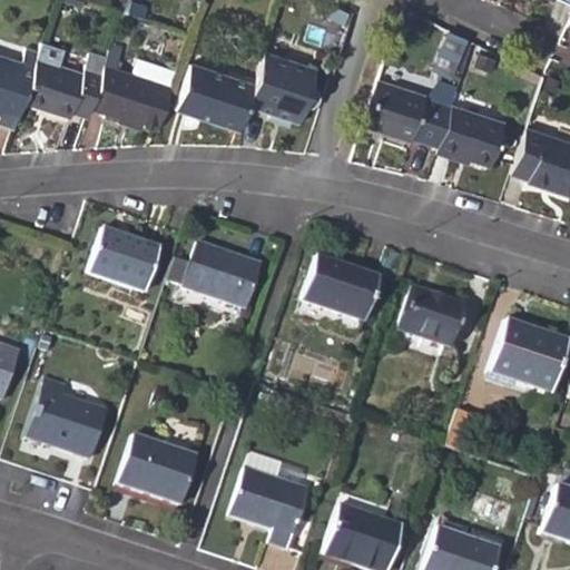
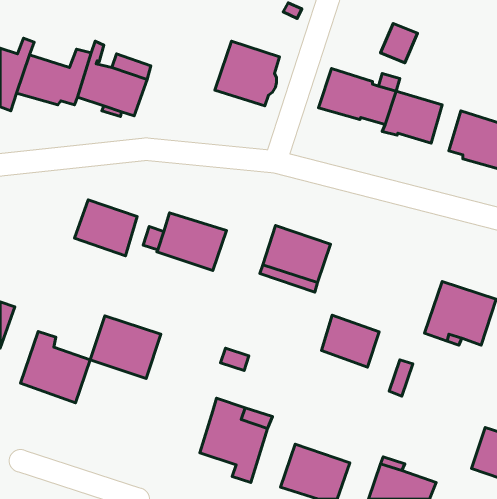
building: [178,60,256,125] -> none
building: [399,287,464,346] -> [321,315,379,367]
building: [117,433,197,504] -> [90,316,161,378]

